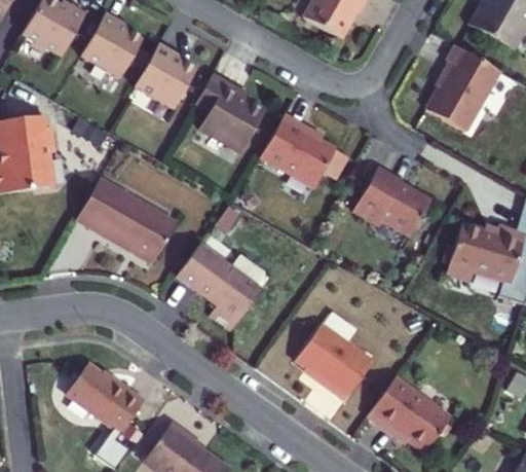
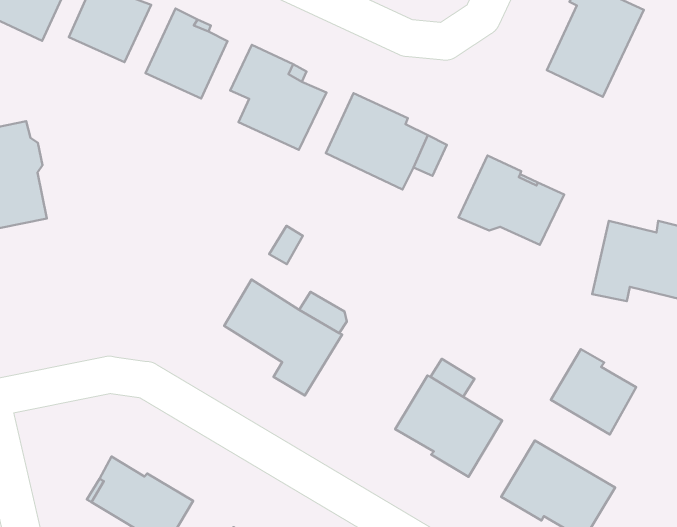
building: [76,179,177,263] -> none
building: none -> [551,349,636,435]

